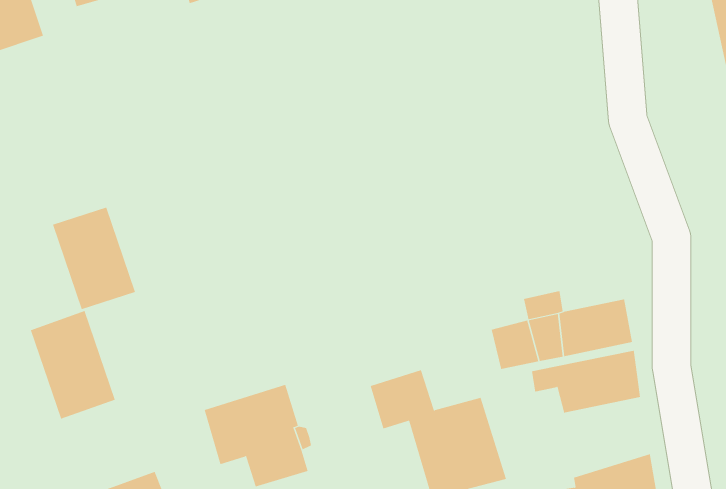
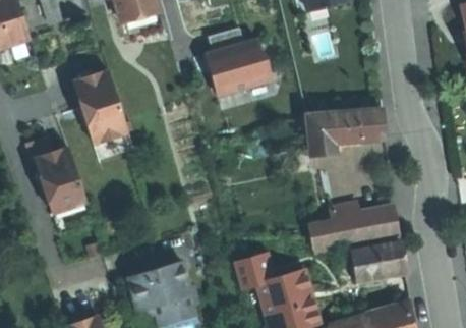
building: none -> [194,35,266,99]
building: none -> [74,72,129,144]
building: none -> [307,107,385,152]
building: [30,310,115,420] -> none

